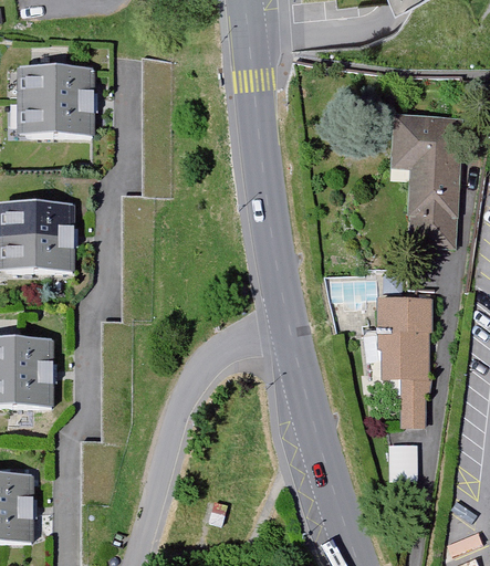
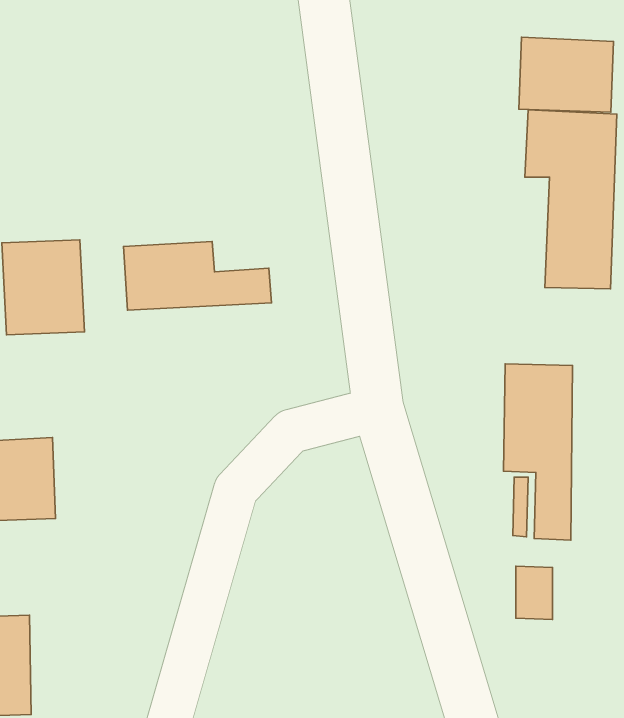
building: none -> [519,37,614,112]
building: [30,64,93,133] -> none
building: none -> [124,242,272,310]

